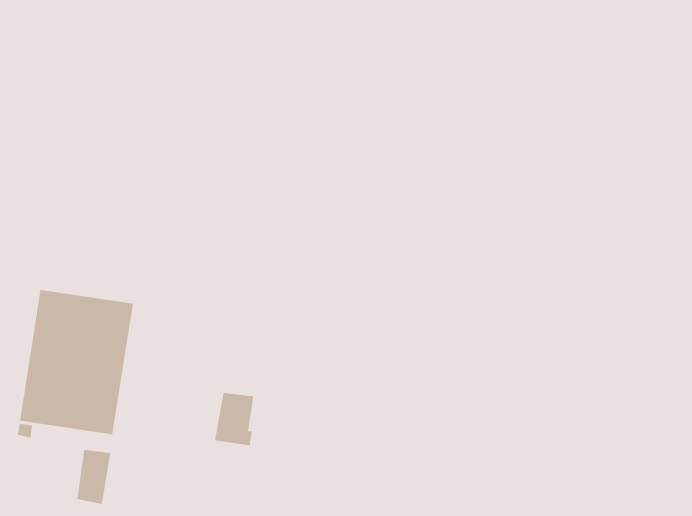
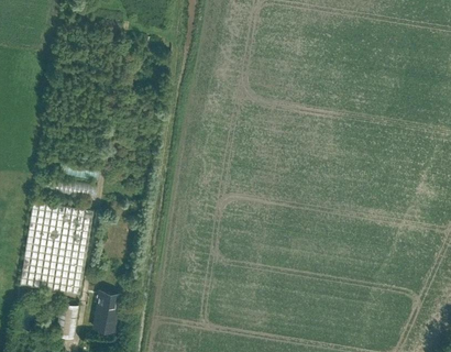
building: [214,392,254,446] -> [92,294,118,328]

